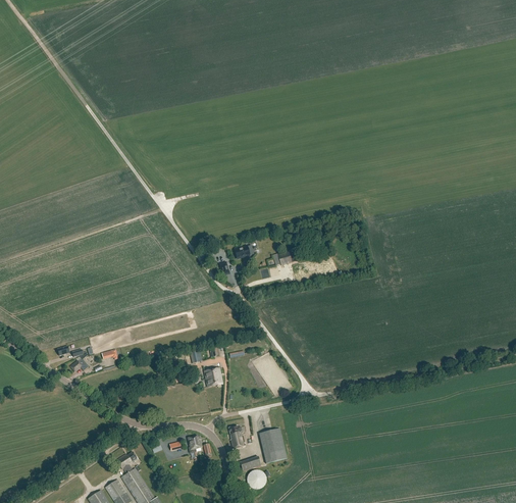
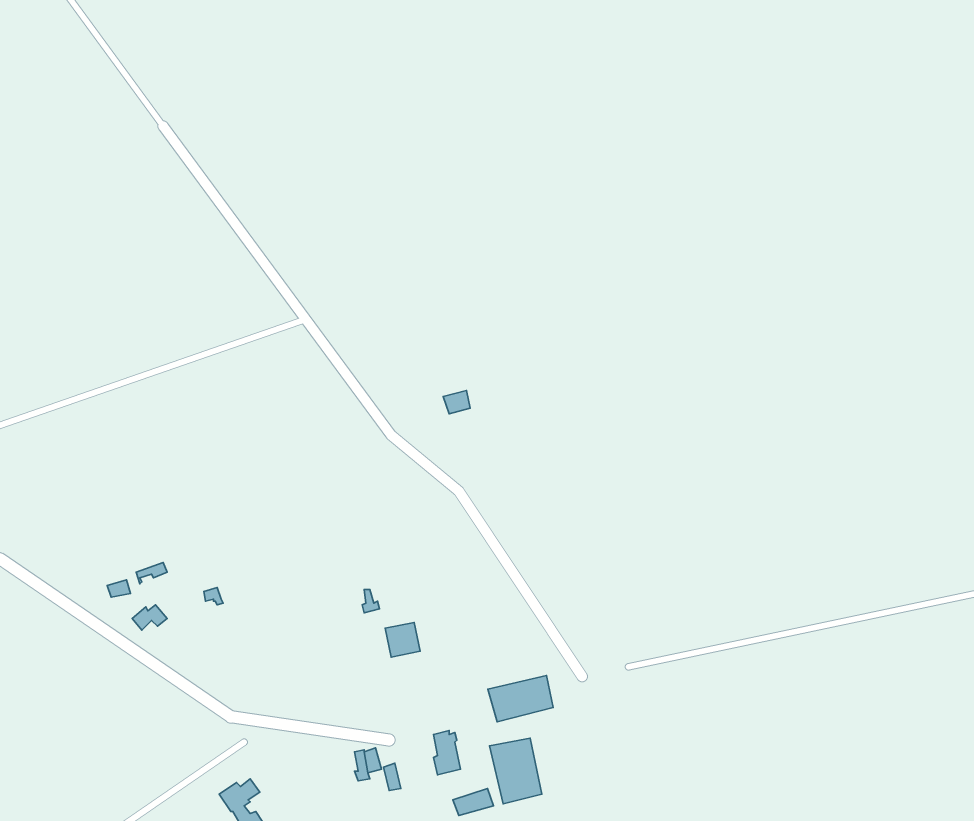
building: none -> [488,675,553,722]

